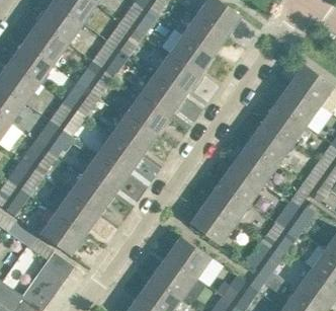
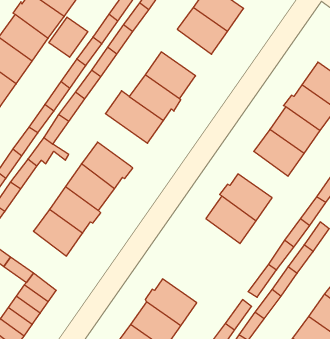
building: none -> [49,17,88,57]
building: [166,35,212,77] -> none
building: [109,115,154,157] -> none
building: [234,144,278,185] -> none
building: [191,204,236,245] -> none
building: [37,215,82,256] -> none
building: [167,237,212,279] -> none

